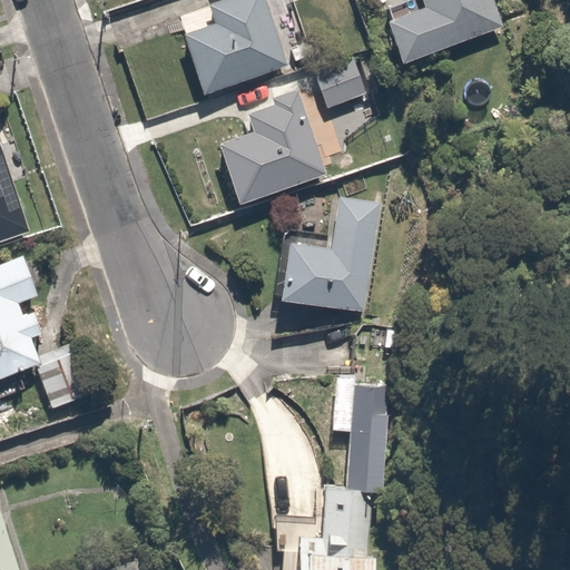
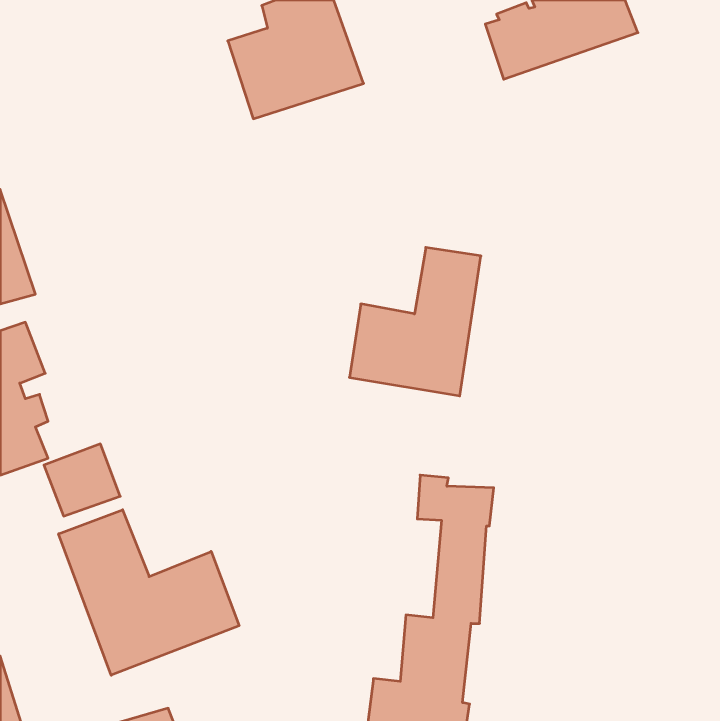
building: [313,57,368,108] -> none
building: [216,89,326,204] -> none
building: none -> [59,510,239,675]

